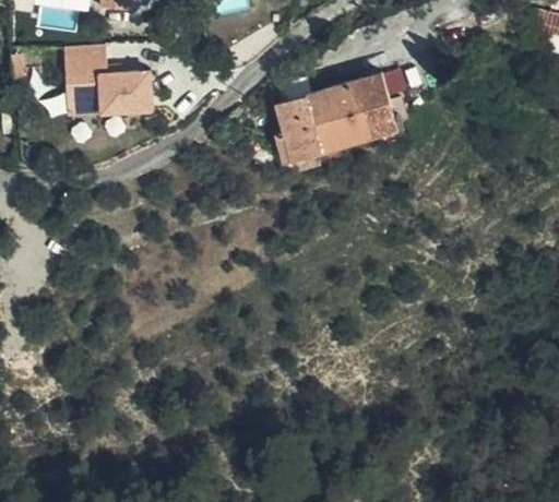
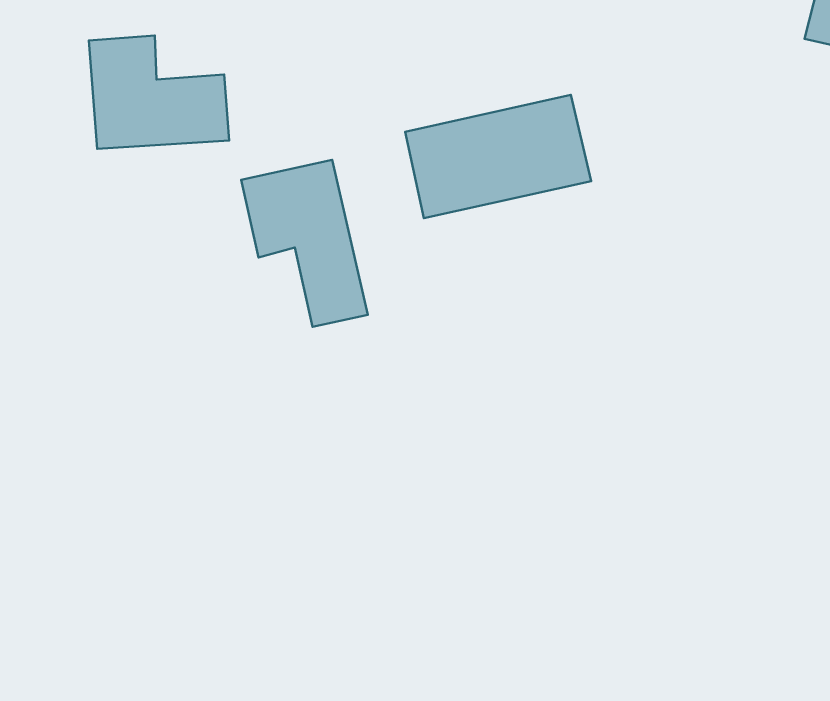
building: none -> [241,160,368,327]

